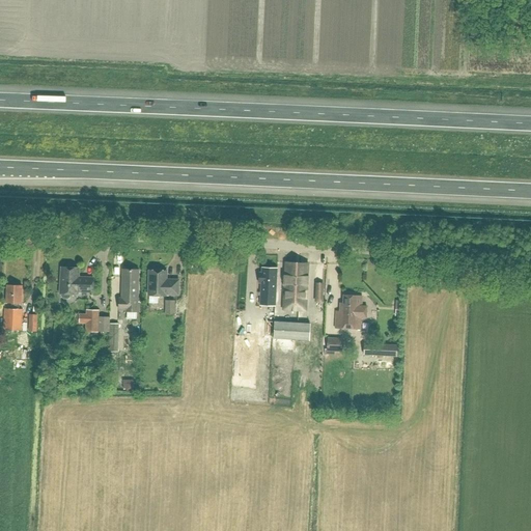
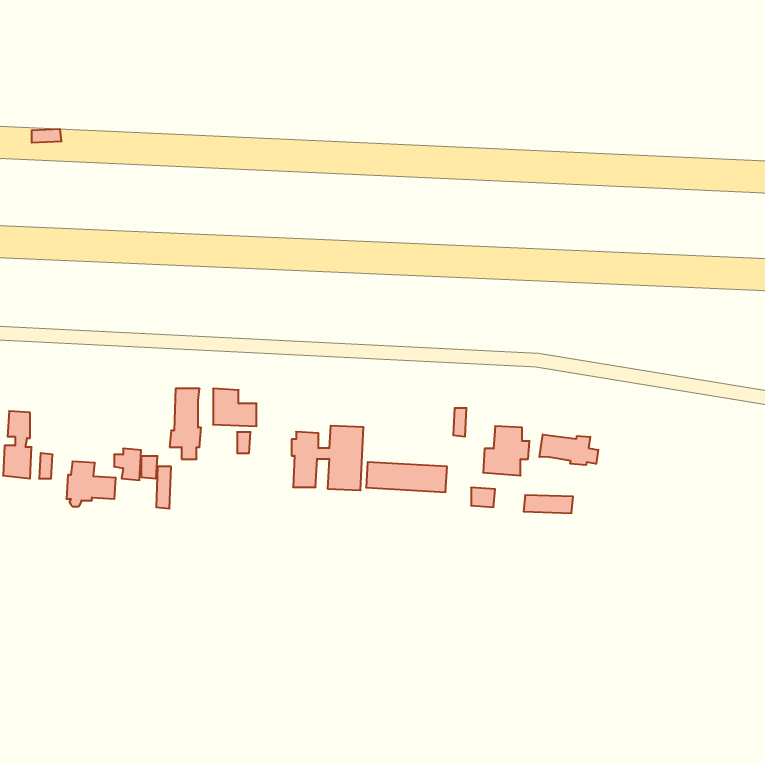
building: [257,262,307,307] -> [292,426,364,490]
building: [58,267,92,298] -> [66,461,116,506]
building: none -> [539,434,598,465]

